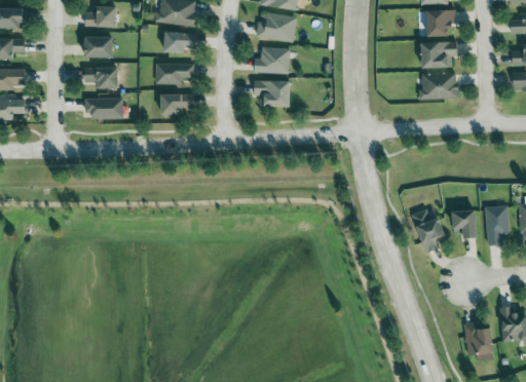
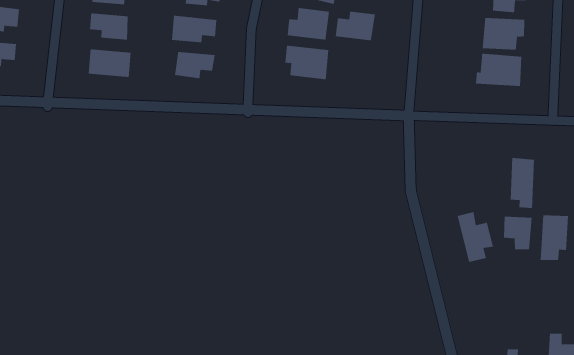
building: none -> [335,11,376,41]
building: none -> [510,157,535,209]

